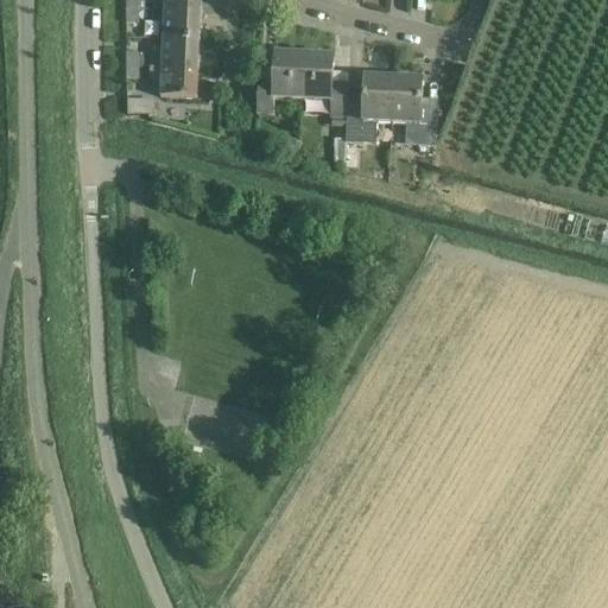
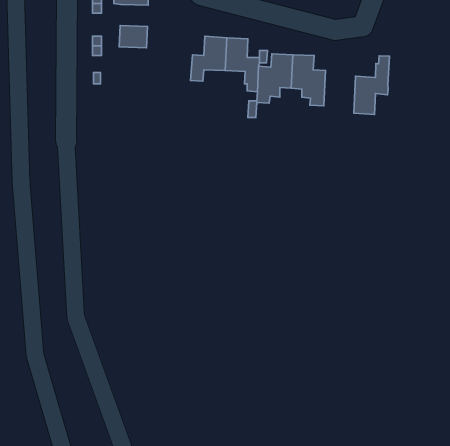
building: [162,6,200,36] -> none
building: [150,63,197,94] -> none
building: none -> [354,56,390,115]

